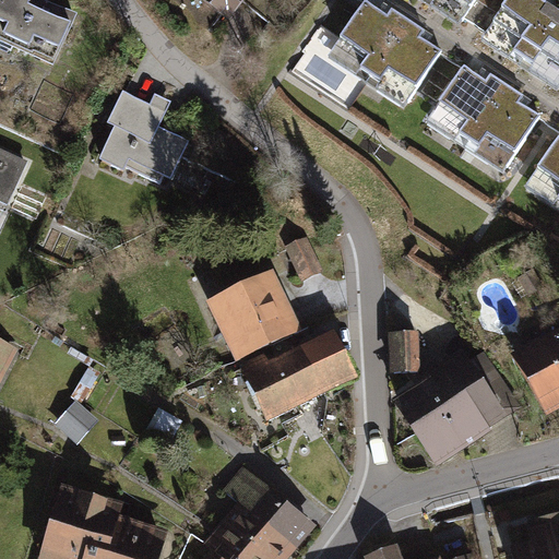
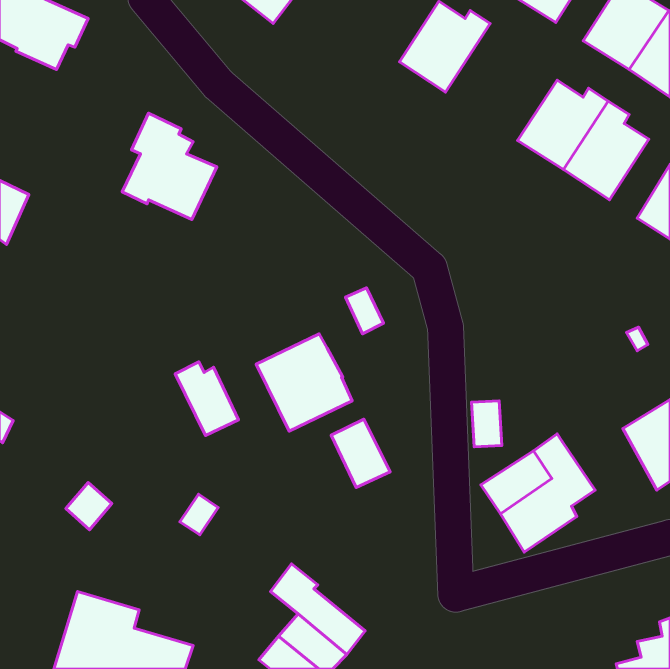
building: [370,20,441,100] -> none
building: [302,333,352,392] -> none
building: [243,357,296,418] -> [175,362,238,436]
building: [467,358,518,429] -> none

